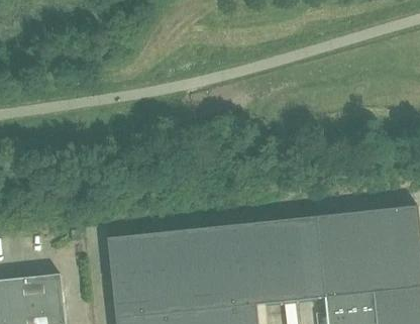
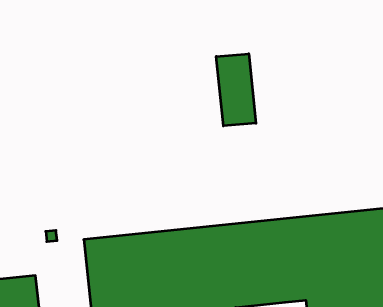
building: none -> [216,54,256,126]

